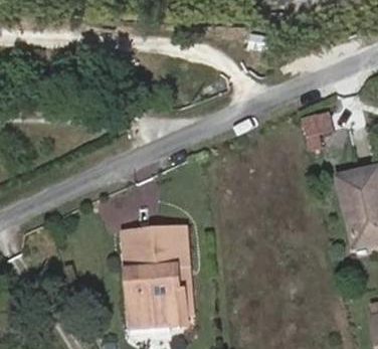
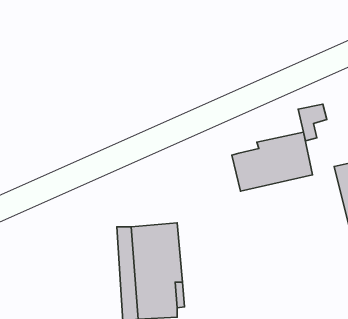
building: none -> [232,132,313,191]

